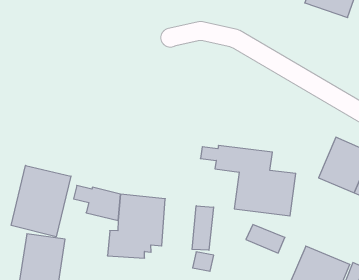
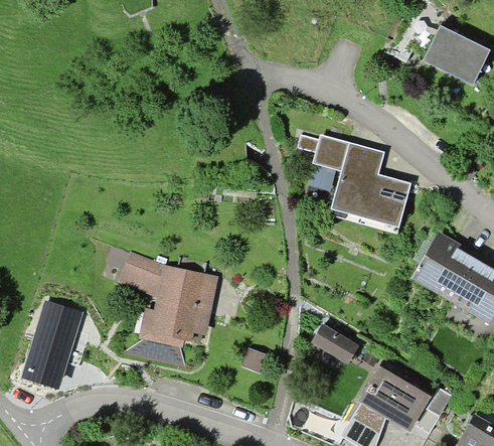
building: [200,145,296,216] -> [296,134,410,234]
building: [11,165,71,237] -> none
building: [192,206,214,250] -> none

